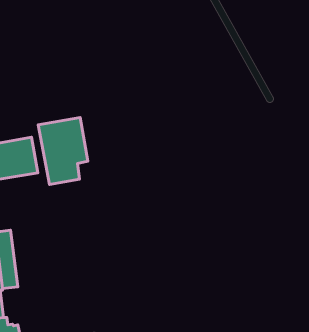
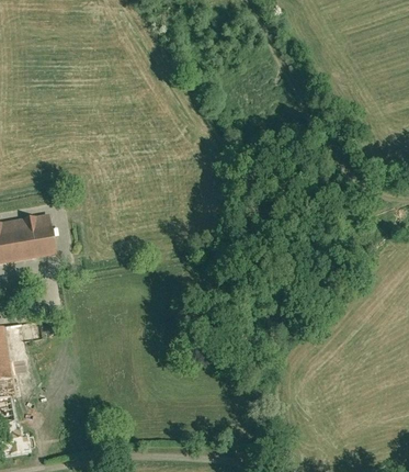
building: [38,118,88,184] -> none

